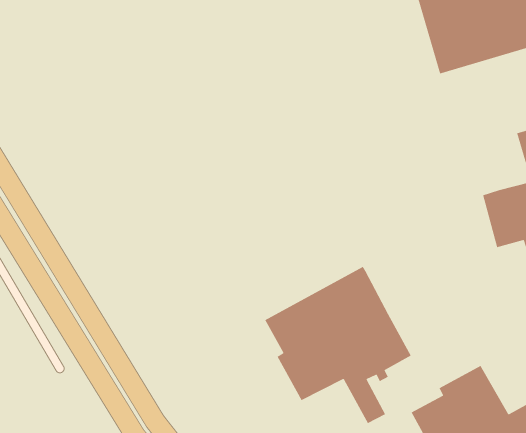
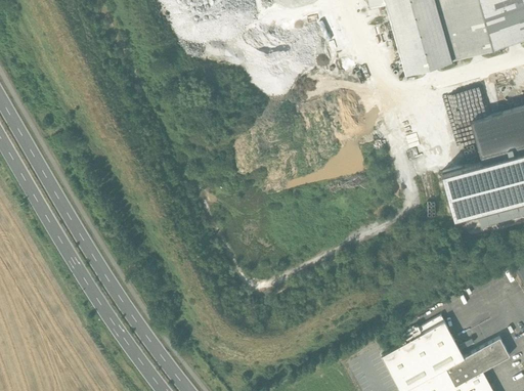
building: [264,266,412,424] -> none

